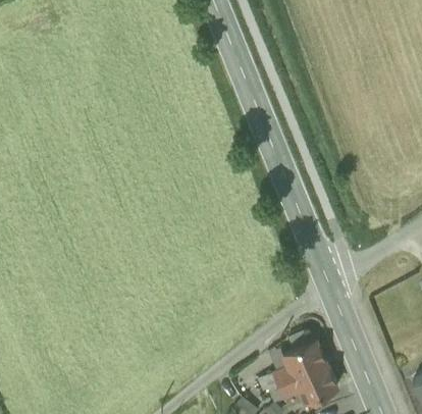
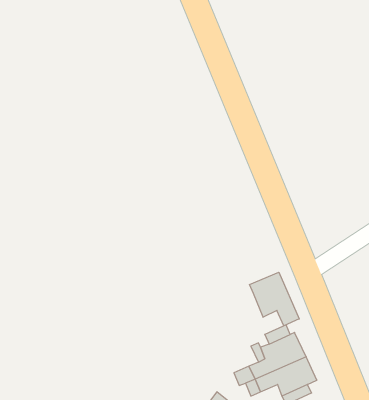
building: none -> [250,272,299,326]

